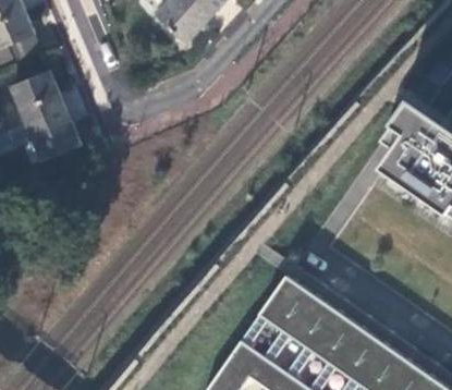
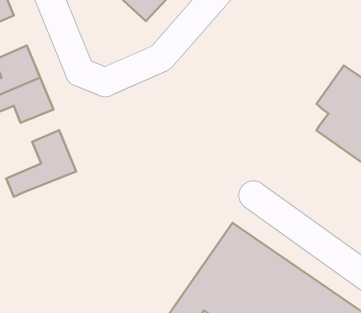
building: none -> [6,130,76,197]

